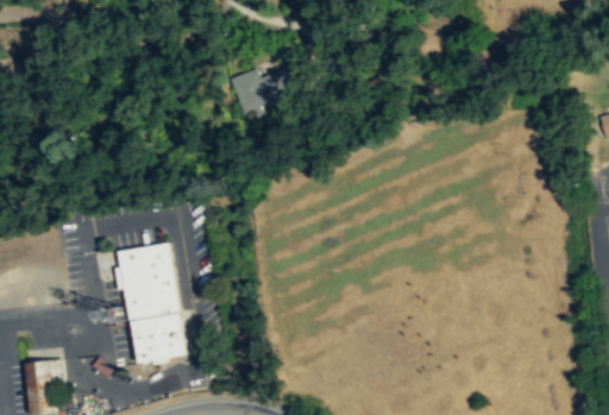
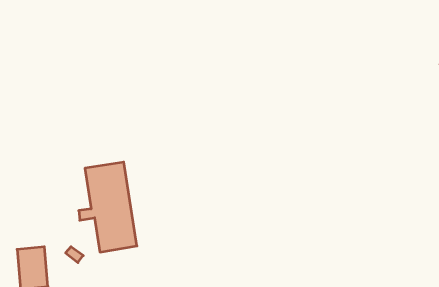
building: [228,64,301,113] -> none

